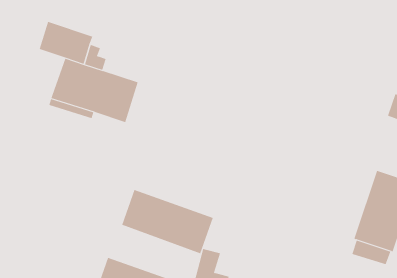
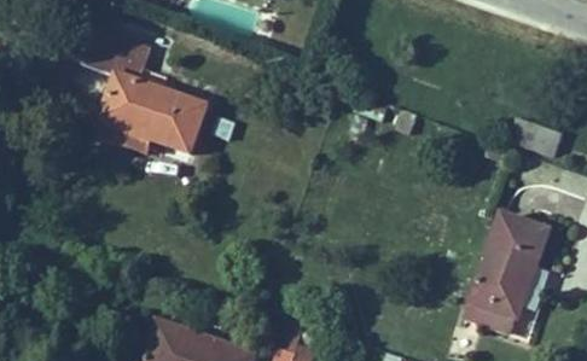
building: [122,189,213,254] -> none

